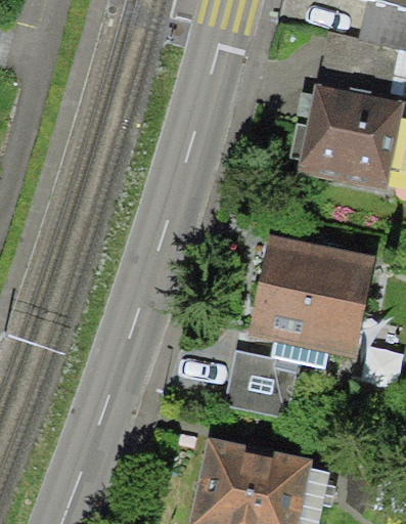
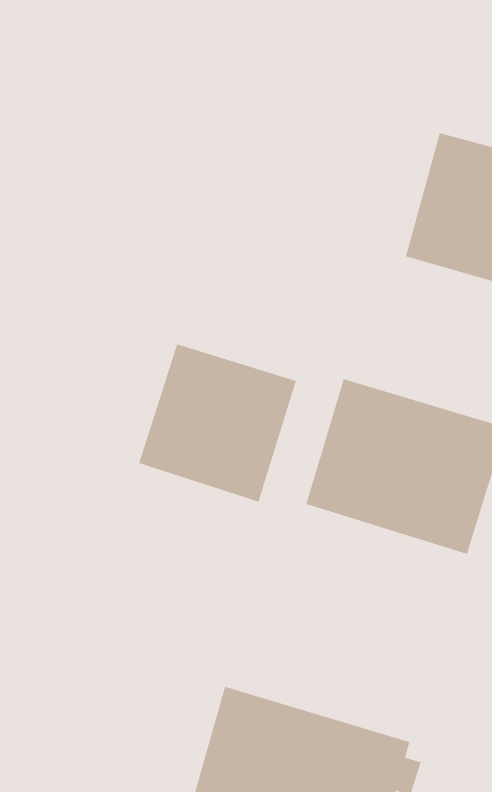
building: none -> [138,343,297,503]
building: [223,348,299,421] -> none

